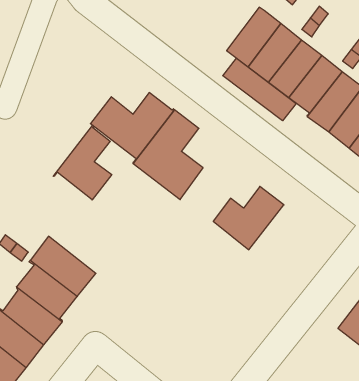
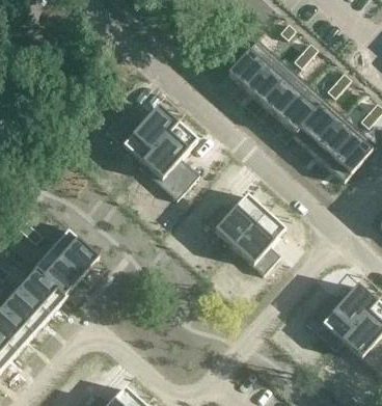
building: [223,58,296,121] -> none
building: [53,125,112,200] -> none
building: none -> [234,213,285,276]

